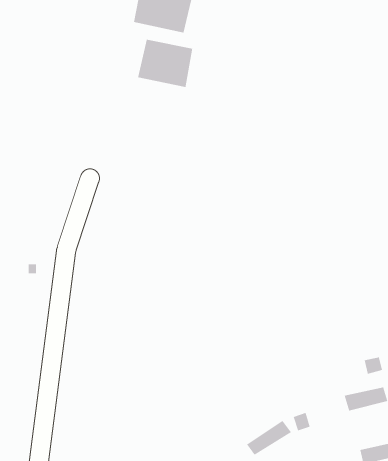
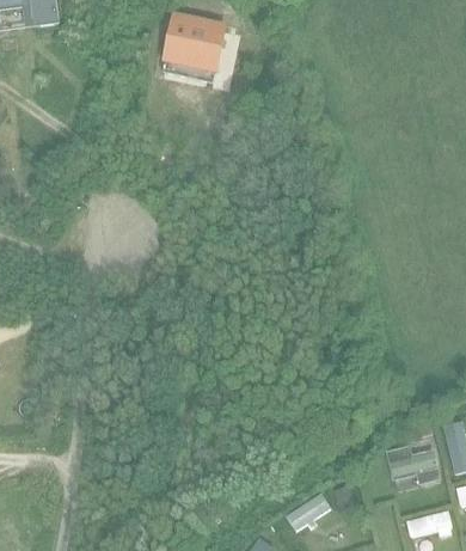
building: [138,39,193,88] -> none

